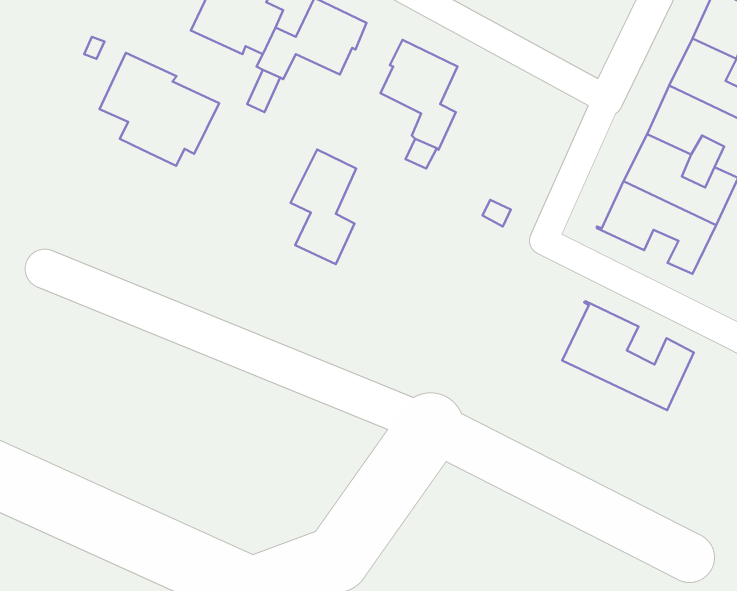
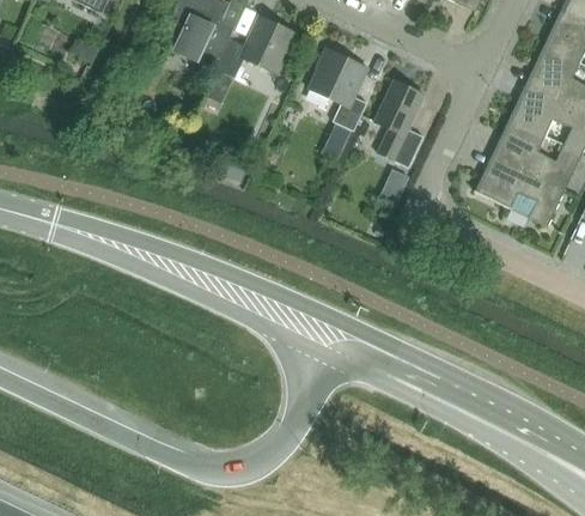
building: [99,53,219,166] -> none
building: [290,150,356,264] -> [373,79,423,166]
building: [562,301,694,410] -> none

